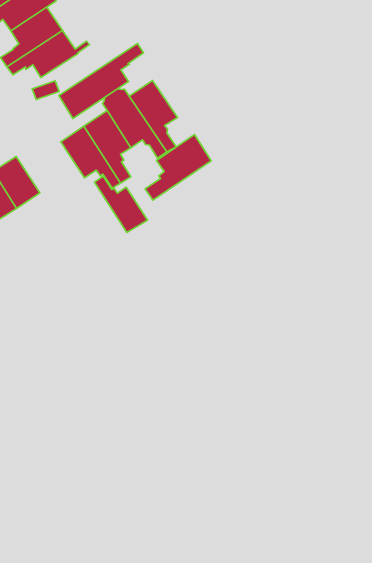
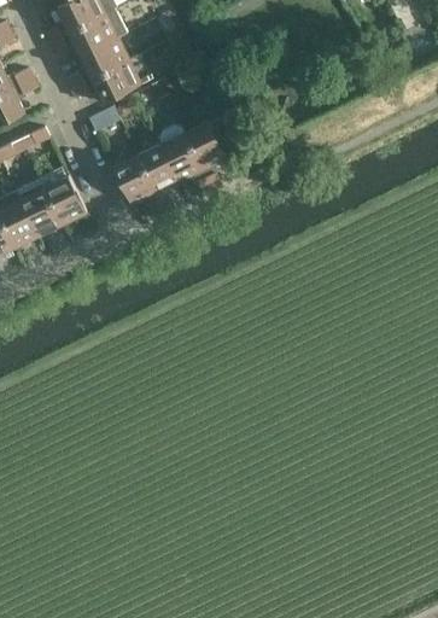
building: [59,44,144,118] -> none
building: [145,135,211,200] -> none
building: [95,176,147,233] -> none

